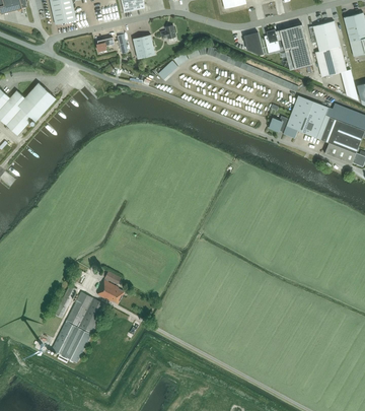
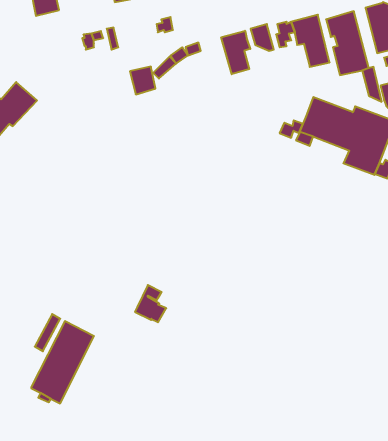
building: [133,35,155,59] -> [130,67,155,94]
building: none -> [221,31,250,74]
building: [97,271,125,303] -> [135,285,166,322]

